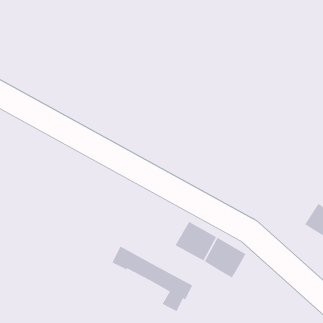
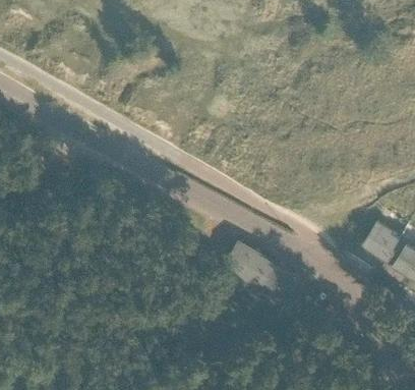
building: [111,245,193,312] -> none

